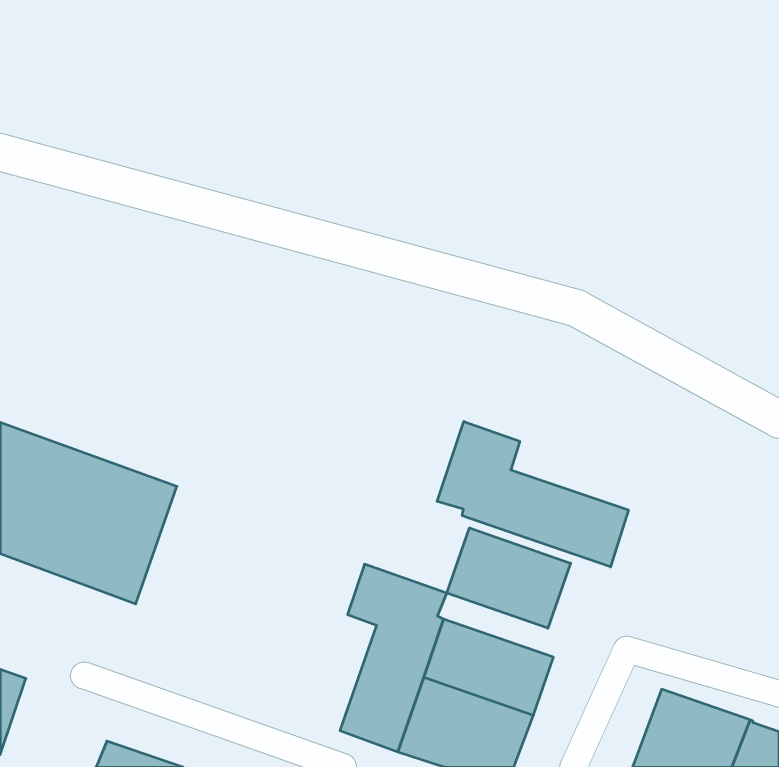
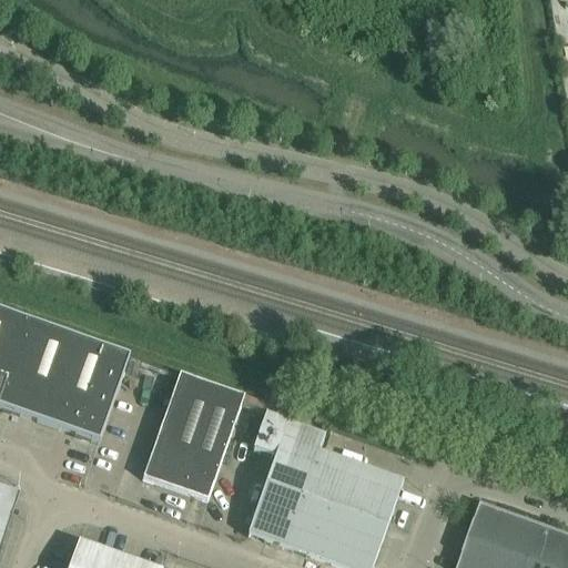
building: [437,421,628,567] -> none
building: none -> [143,372,244,498]
building: [447,528,571,628] -> none

